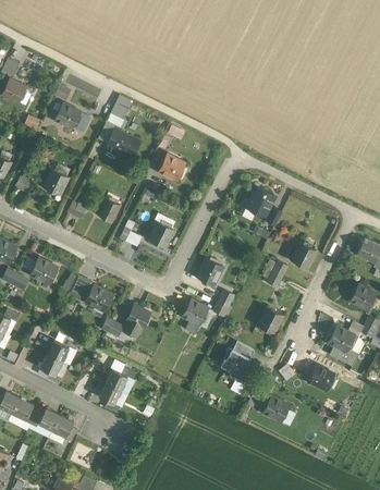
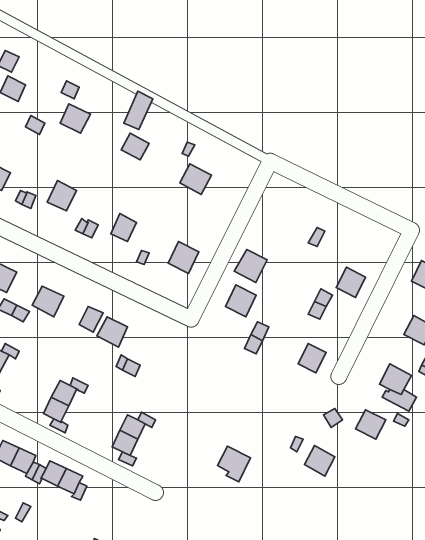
building: [245,187,273,216] -> [234,249,267,283]
building: [180,298,207,332] -> none
building: [123,305,149,336] -> none
building: [221,347,249,378] -> [217,446,250,482]

